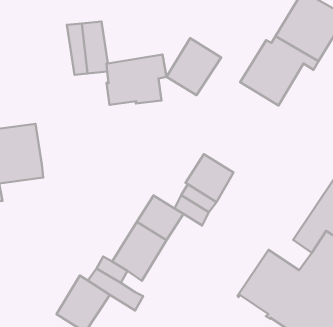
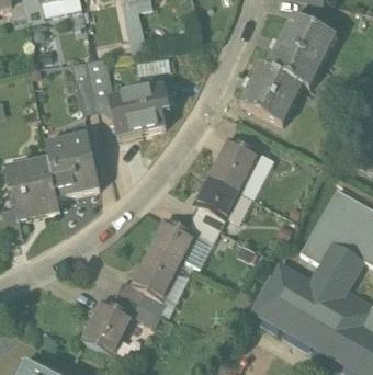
building: [167,38,221,95] -> [211,137,261,191]
building: none -> [45,132,100,196]

